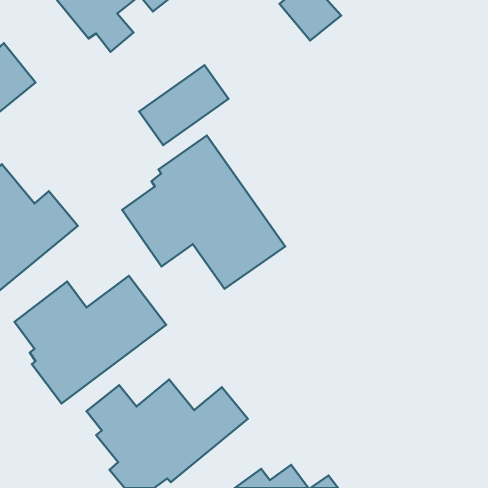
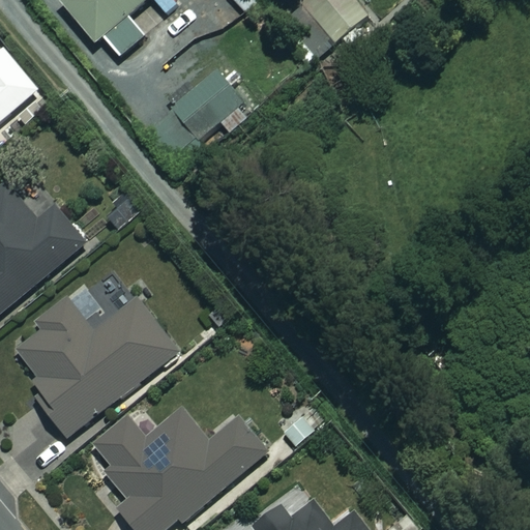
building: [122,135,285,289] -> none

